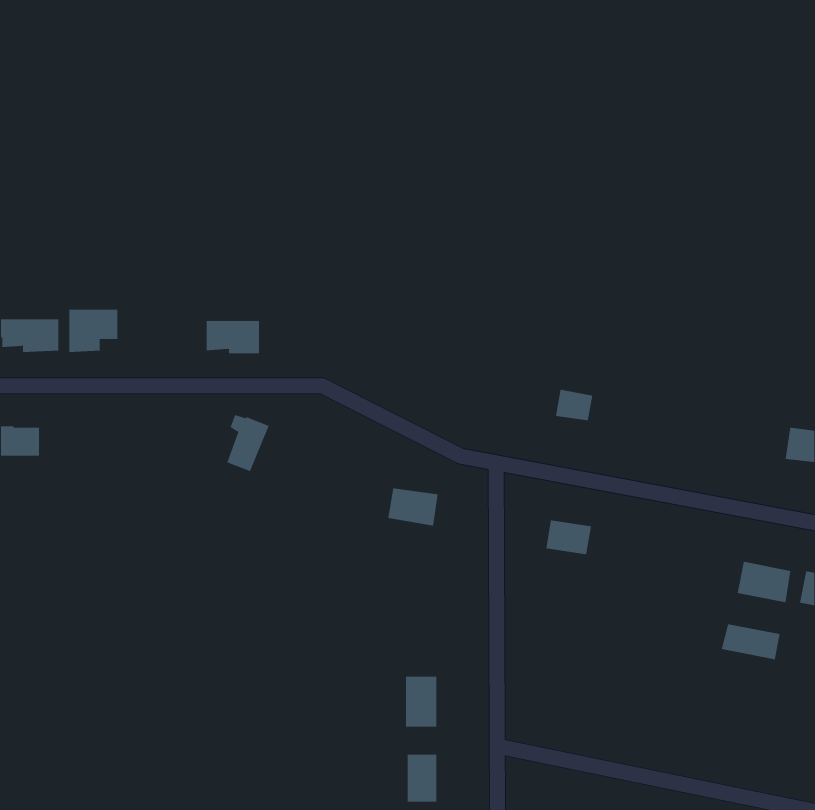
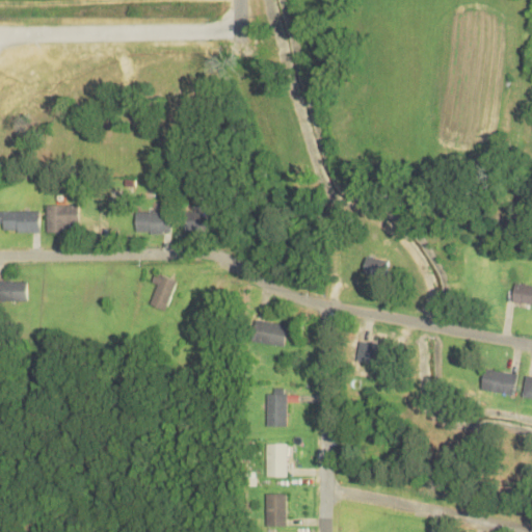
building: none -> [265,388,286,426]
building: [721,624,780,660] -> none

